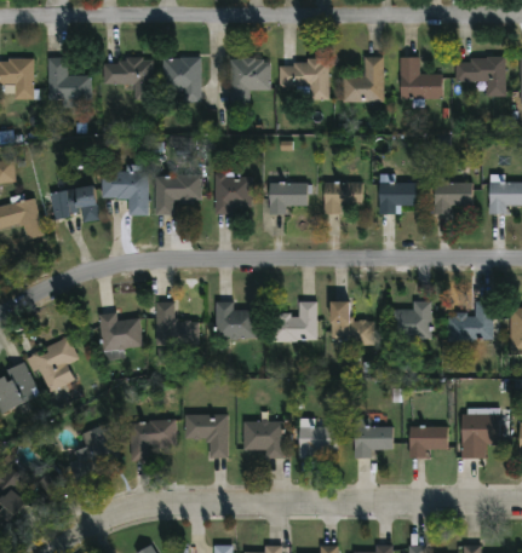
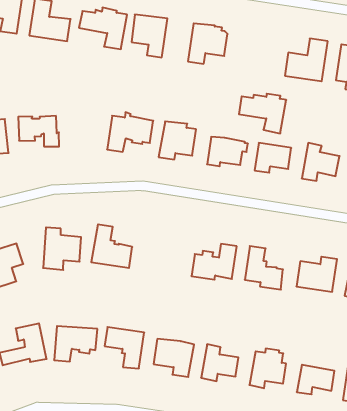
building: [280,59,331,102] -> [239,94,286,133]
building: [103,172,149,218] -> none
building: [216,303,257,340] -> none

